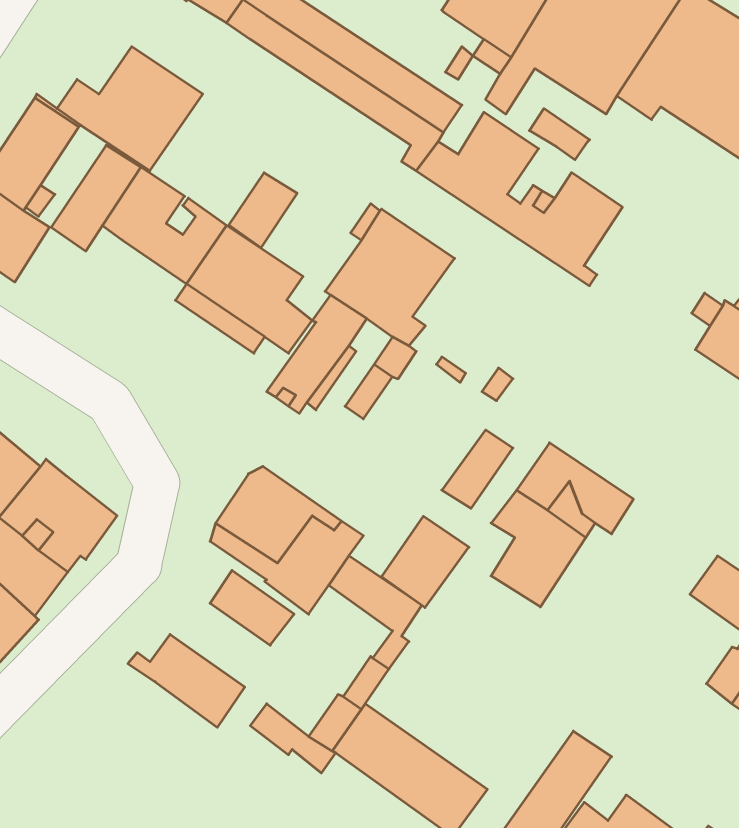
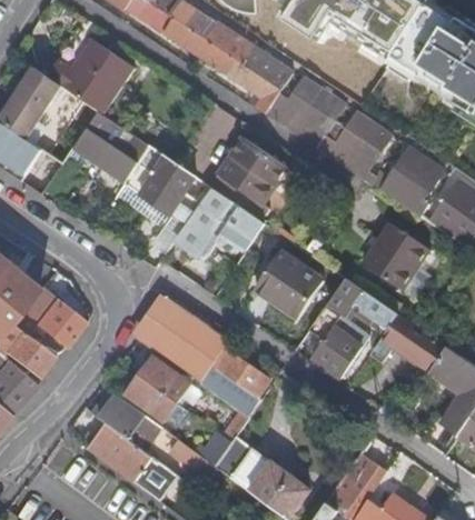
building: [229,173,297,248] -> none
building: none -> [379,144,443,209]
building: none -> [364,223,429,289]
building: none -> [369,312,448,370]
building: [381,516,469,608] -> [254,251,307,307]
building: none -> [126,376,176,421]
building: none -> [80,423,169,487]

